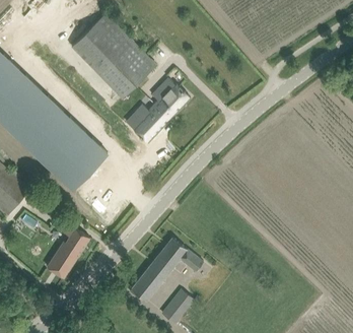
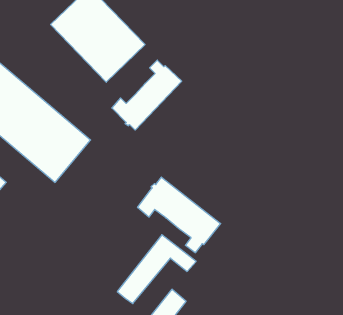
building: none -> [138,177,221,253]
building: [47,224,90,277] -> none

